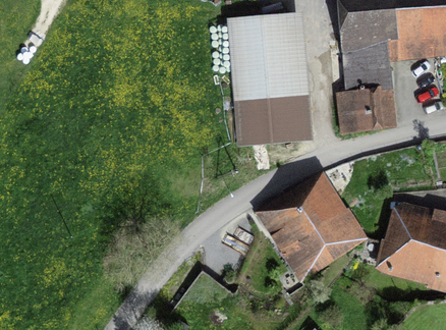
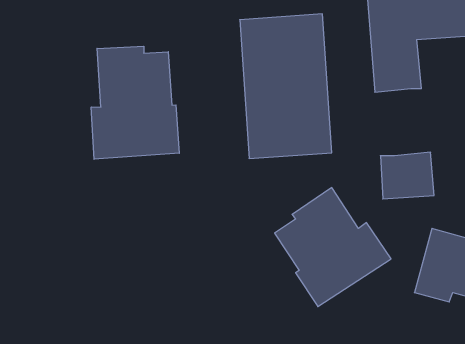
building: none -> [91,46,179,159]
building: [337,90,384,130] -> [380,152,434,199]

